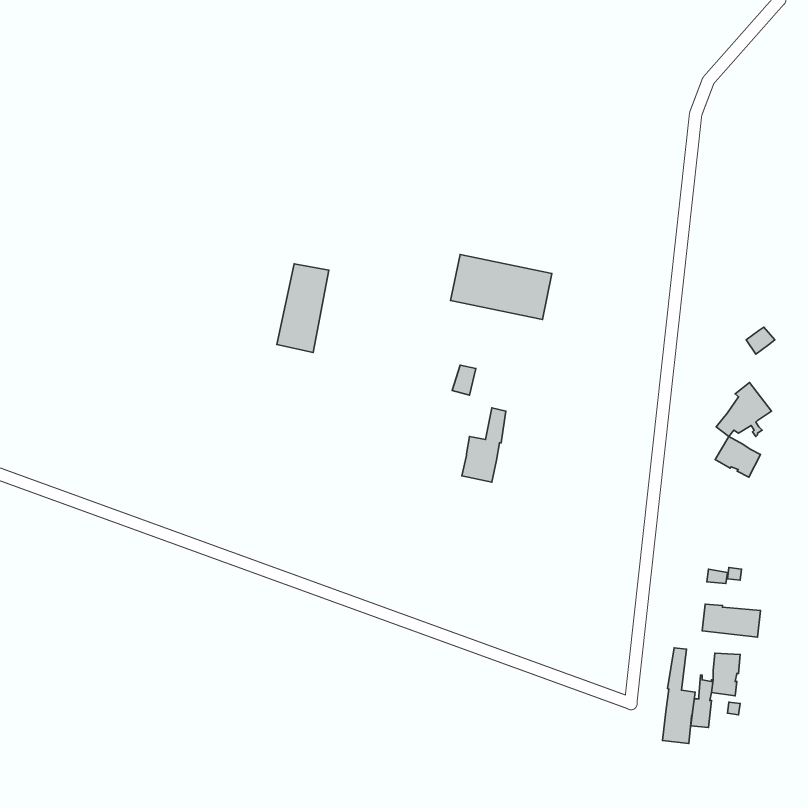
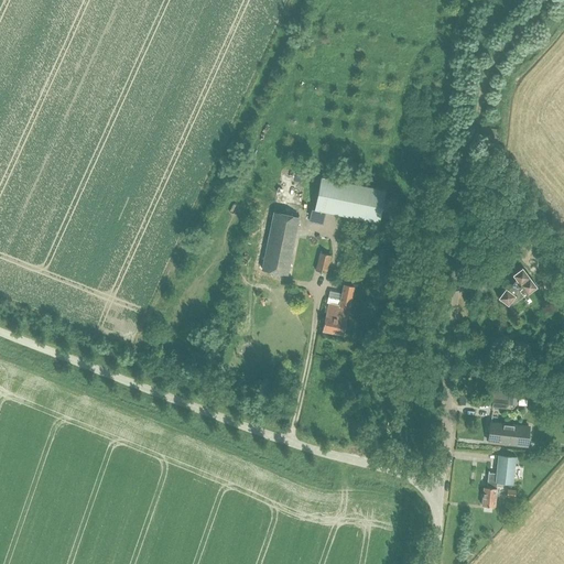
building: [277,264,329,352] -> [262,214,299,275]
building: [715,436,760,477] -> none
building: [663,648,695,744] -> none

